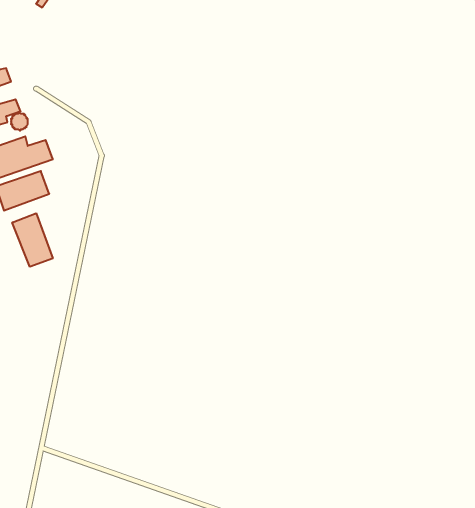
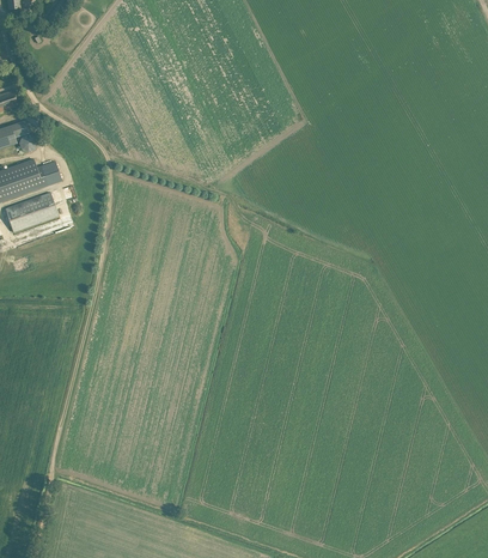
building: [12,213,53,267] -> none

